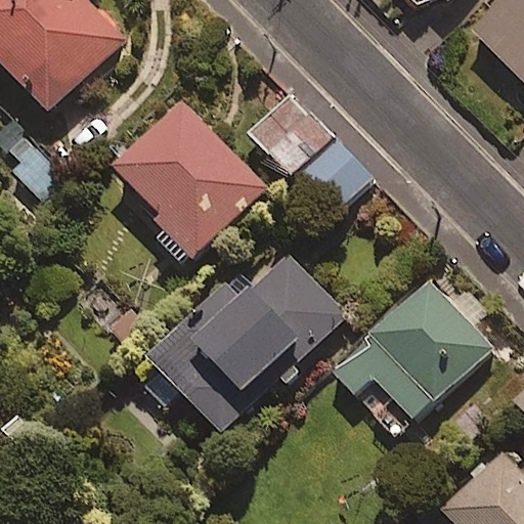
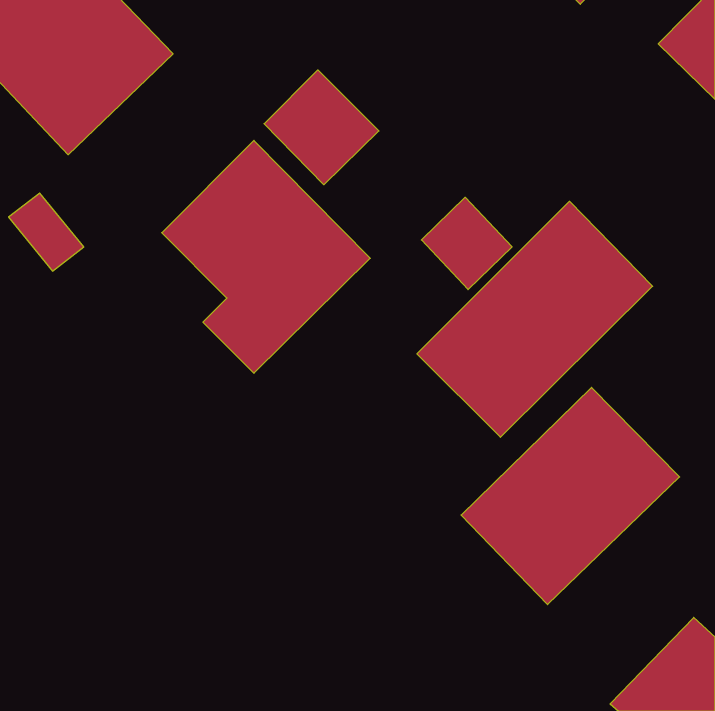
building: [250,92,333,175] -> [264,70,379,185]
building: none -> [417,201,653,437]
building: [156,256,342,435] -> none

